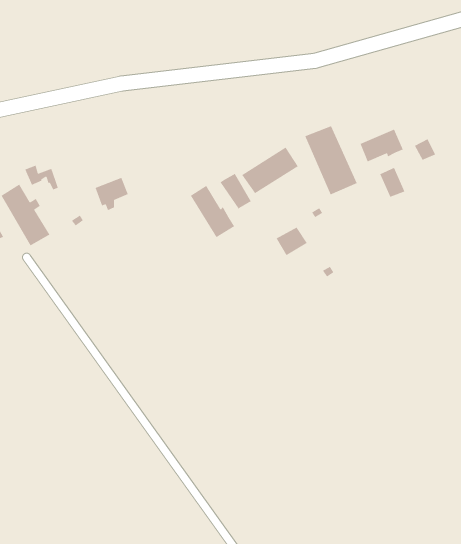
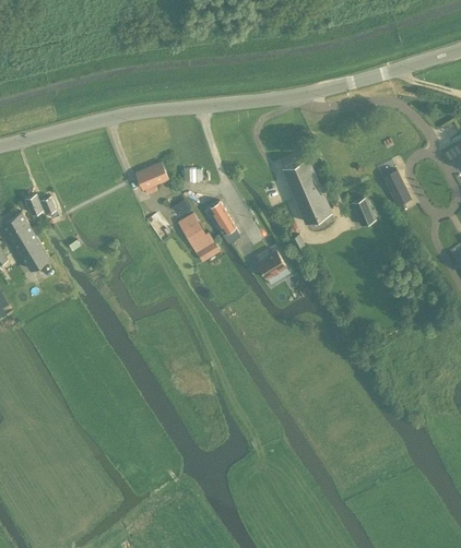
building: [359,128,404,163] -> none
building: [241,146,299,194] -> none
building: [94,177,129,211] -> [137,163,168,194]

